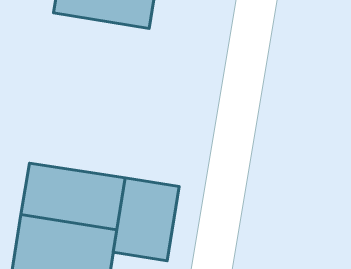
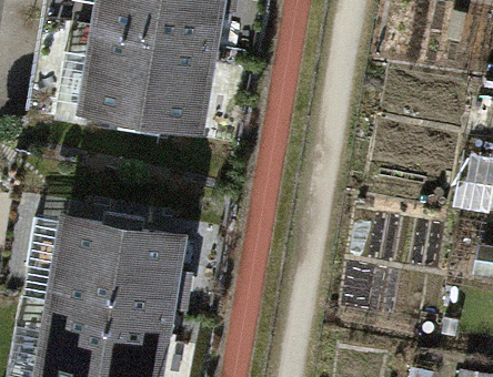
building: none -> [78,33,213,123]
building: [113,178,179,261] -> none

